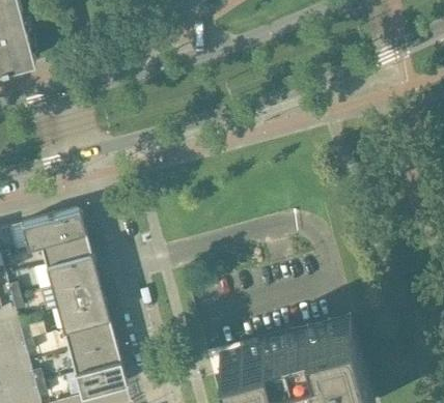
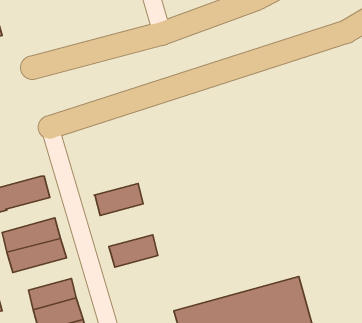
building: [39,239,91,274] -> [94,183,143,216]
building: [57,304,109,338] -> [109,235,158,267]

